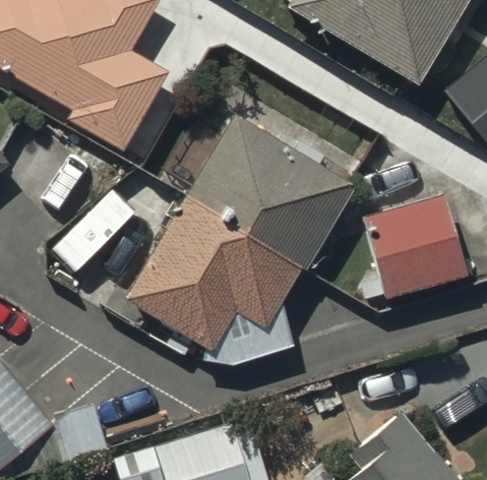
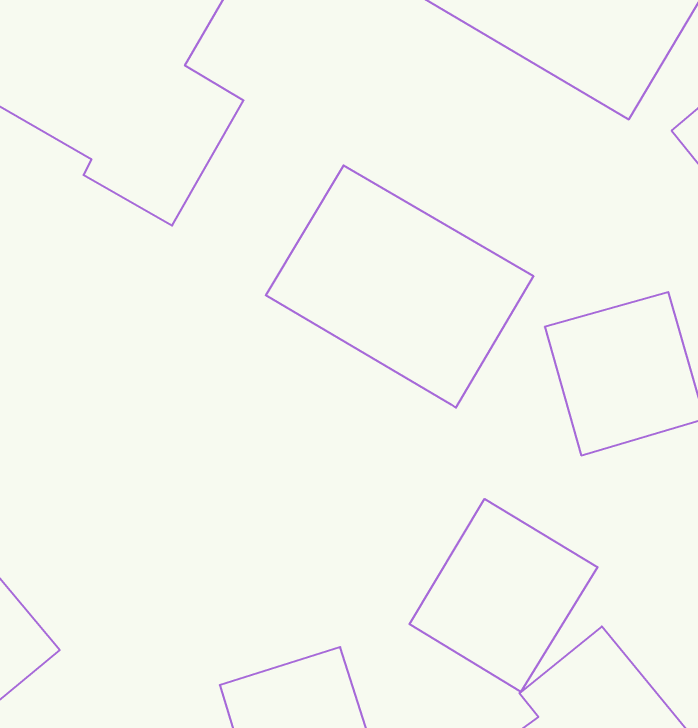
building: [125,197,304,351] -> none
building: none -> [409,499,598,692]

